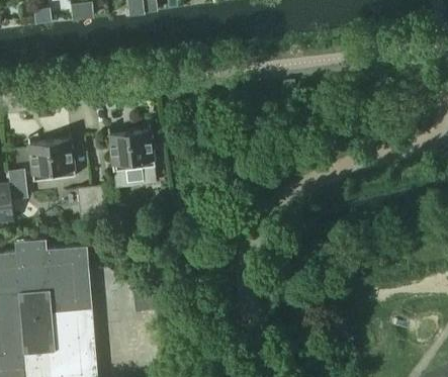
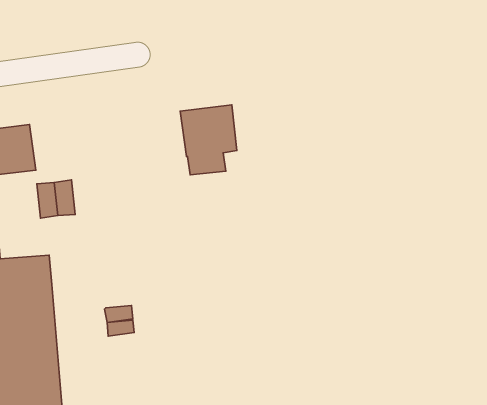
building: [108,128,155,186] -> [180,105,237,175]

